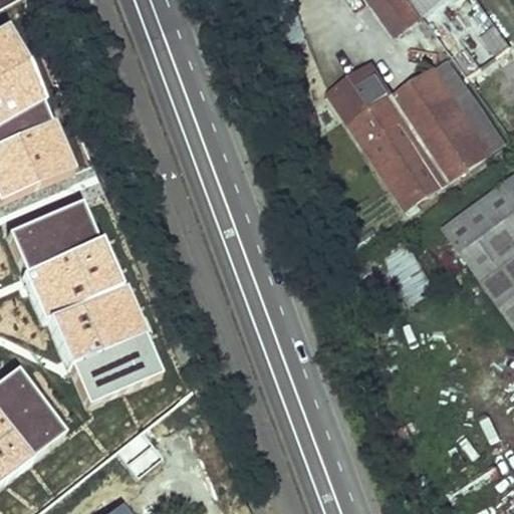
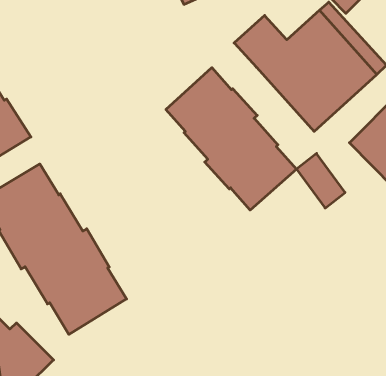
building: none -> [166,68,296,210]

